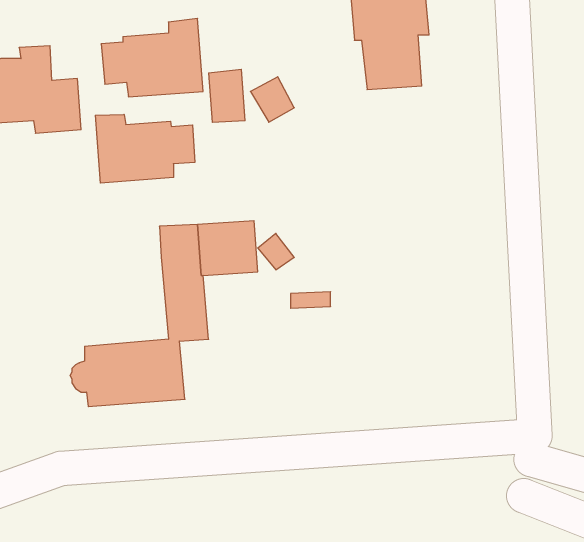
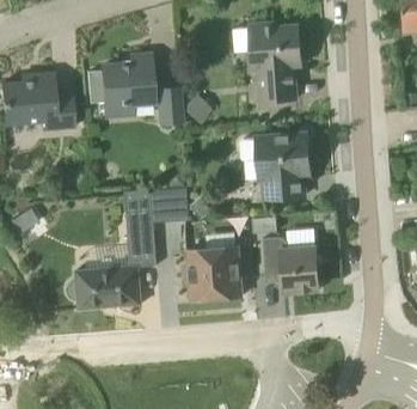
building: [95,114,195,183] -> none
building: none -> [240,134,311,200]
building: none -> [263,237,324,292]
building: none -> [183,248,243,300]

